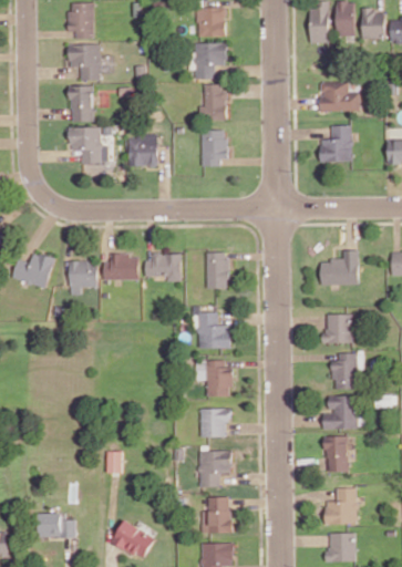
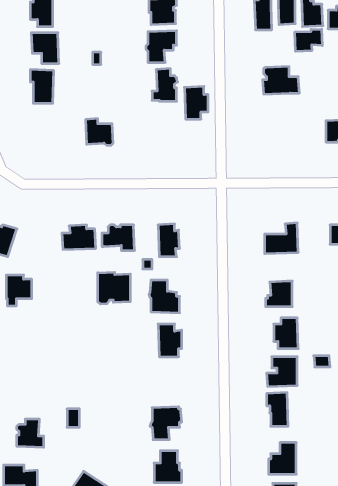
building: none -> [295,29,322,51]
building: [320,126,350,162] -> none
building: [69,127,102,163] -> none
building: [202,131,227,166] -> [184,86,208,119]
building: [69,261,96,295] -> [6,275,32,306]
building: none -> [98,272,130,304]
building: [200,409,230,437] -> none
building: none -> [17,419,44,447]

